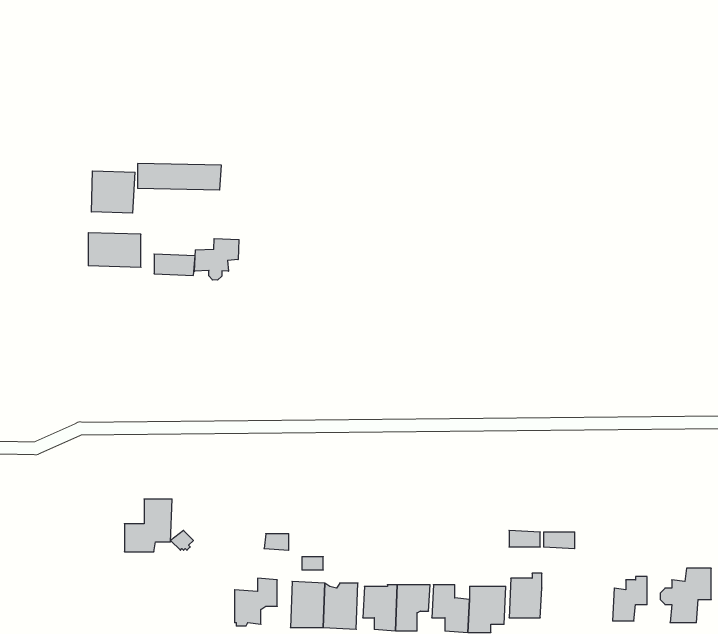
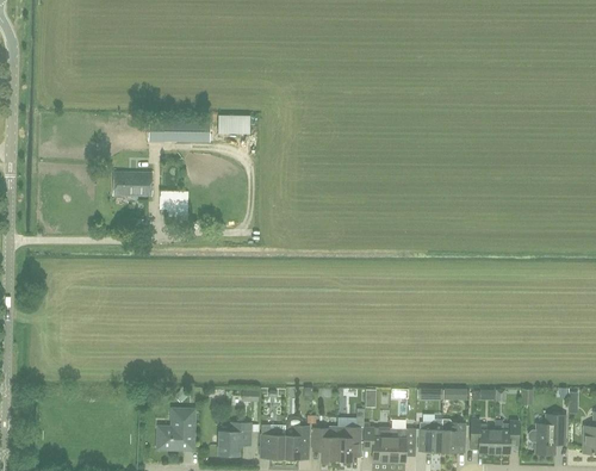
building: none -> [219,112,252,131]
building: [91,171,135,213] -> none
building: [195,239,239,280] -> none
building: [124,499,172,552] -> [159,410,193,448]
building: none -> [441,419,465,452]
building: none -> [471,420,495,453]

